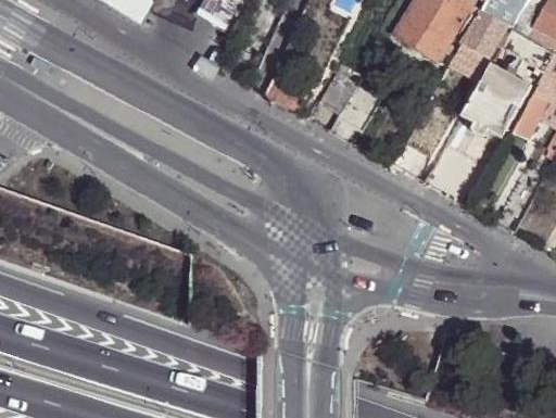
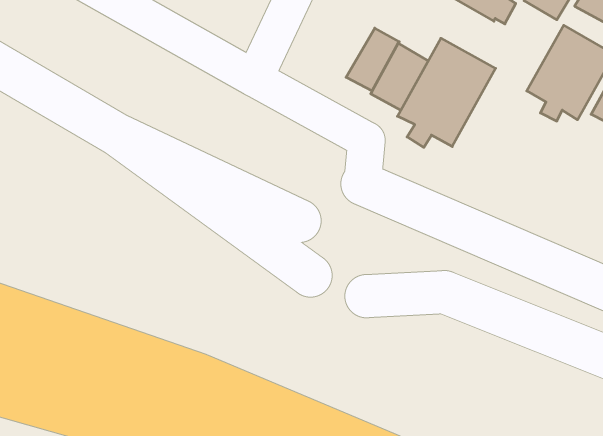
building: none -> [397,38,496,147]

